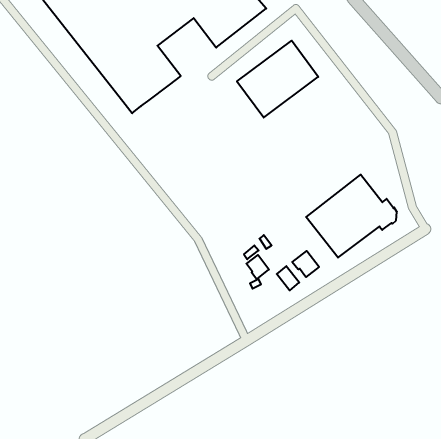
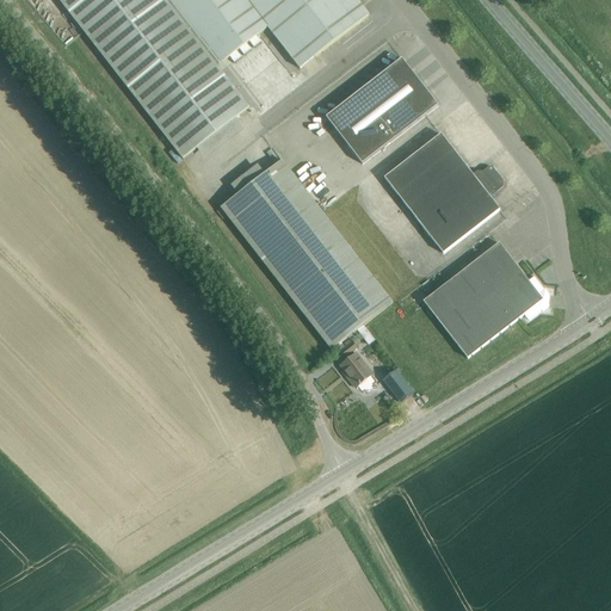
building: none -> [383,131,502,252]
building: none -> [216,158,391,347]
building: [292,251,319,277] -> none

